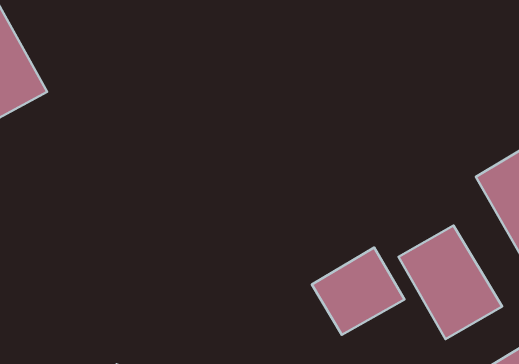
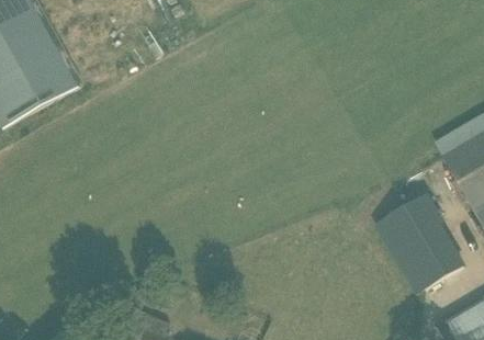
building: [312,248,405,335] -> none

